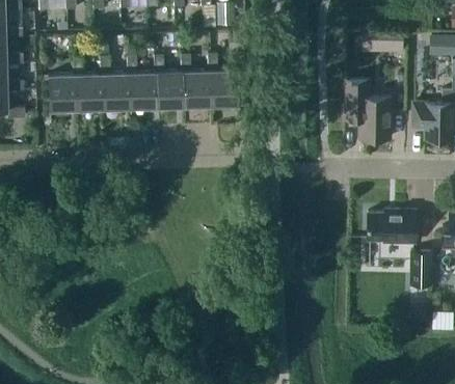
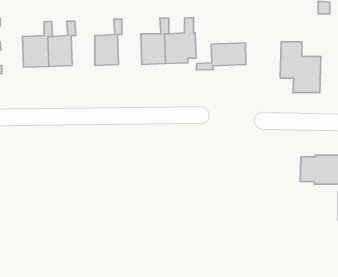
building: [157,56,189,108] -> none
building: [104,57,136,109] -> none
building: none -> [196,43,246,70]

